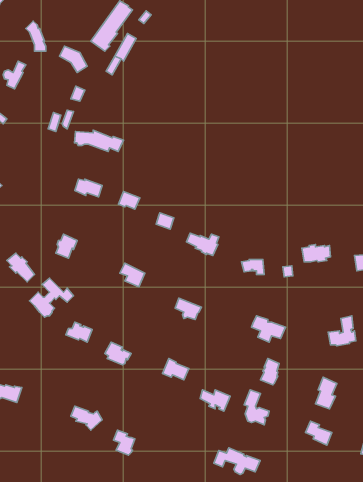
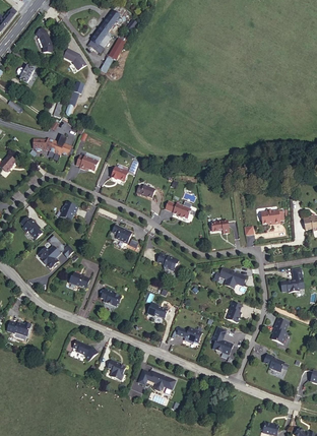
building: [74,130,123,152] -> [31,139,71,157]
building: [214,448,260,474] -> [139,370,177,391]

